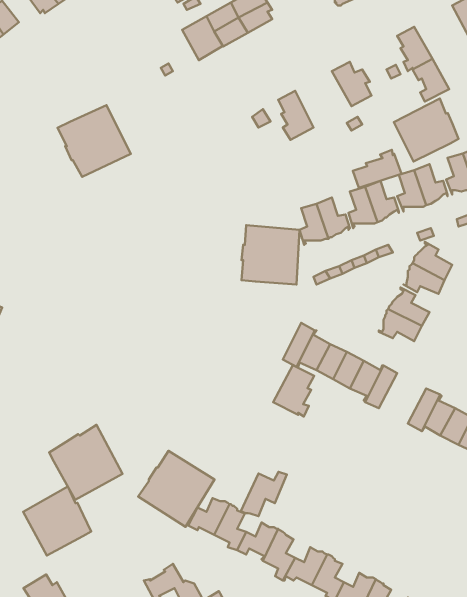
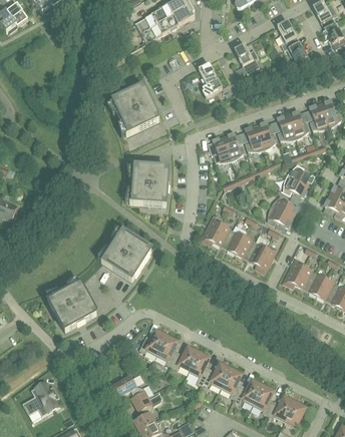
building: [394,99,459,161] -> none
building: [58,105,131,177] -> [111,87,159,134]
building: [353,150,401,188] -> none
building: [242,225,300,285] -> [130,166,168,205]
building: [273,365,314,416] -> none
building: [138,451,214,527] -> [101,231,151,281]
building: [240,472,287,516] -> none
building: [23,487,91,556] -> none

